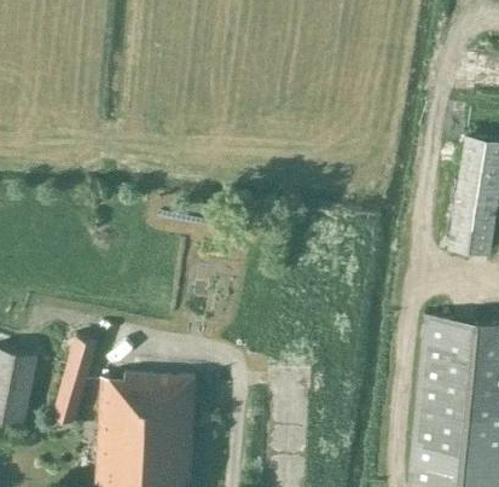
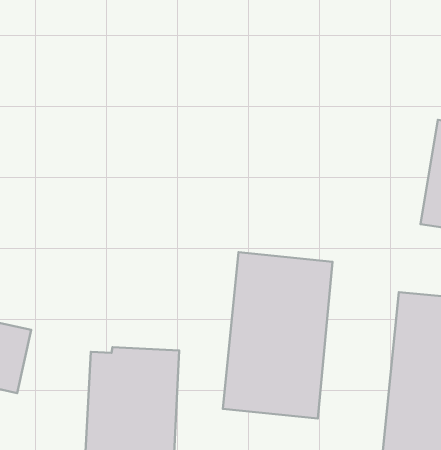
building: none -> [223,252,332,419]
building: [52,337,97,423] -> none

